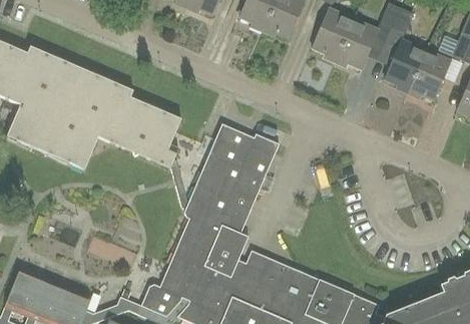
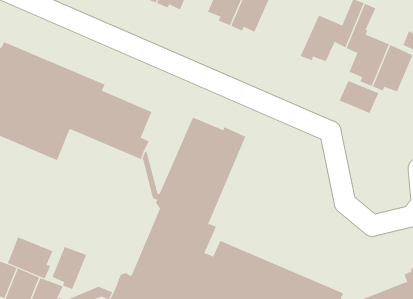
building: [312,8,353,61] -> none
building: none -> [339,80,379,114]
building: none -> [7,237,53,279]
building: none -> [52,246,87,290]

